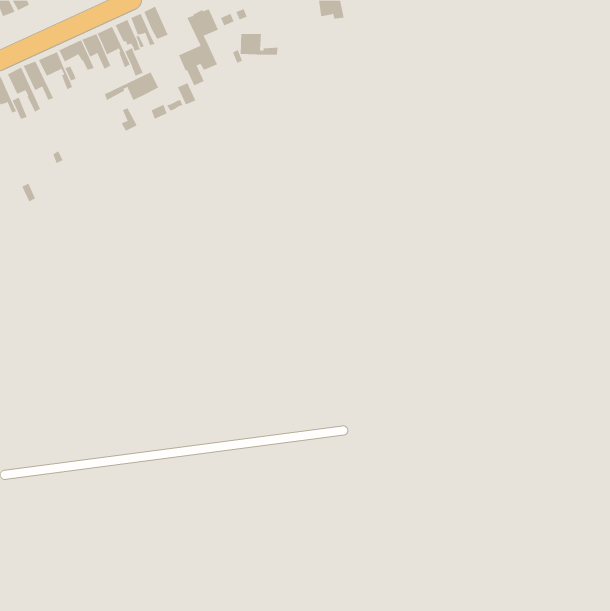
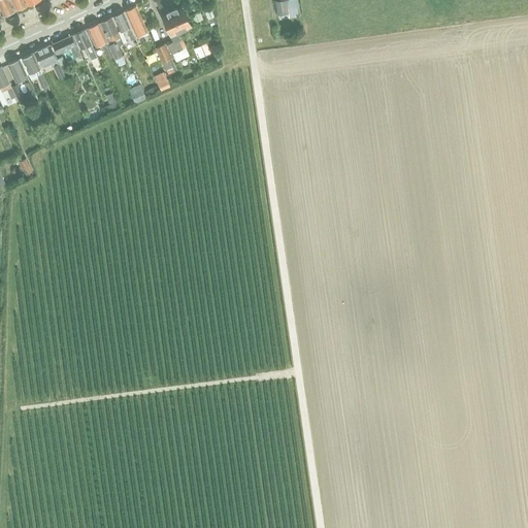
building: [240,33,278,55] -> none
building: [104,71,159,101] -> none

